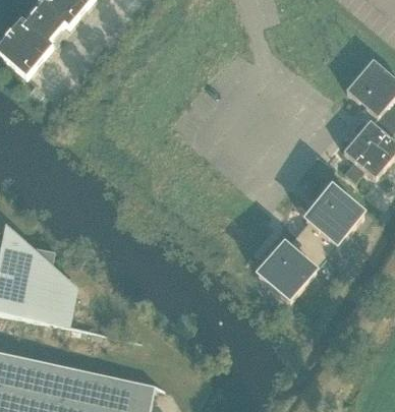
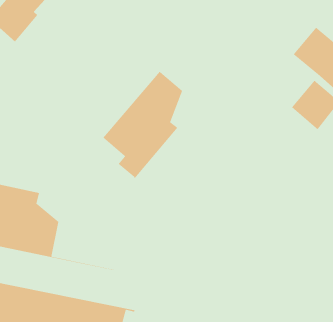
building: none -> [102,11,212,179]
building: [257,188,361,302] -> none

